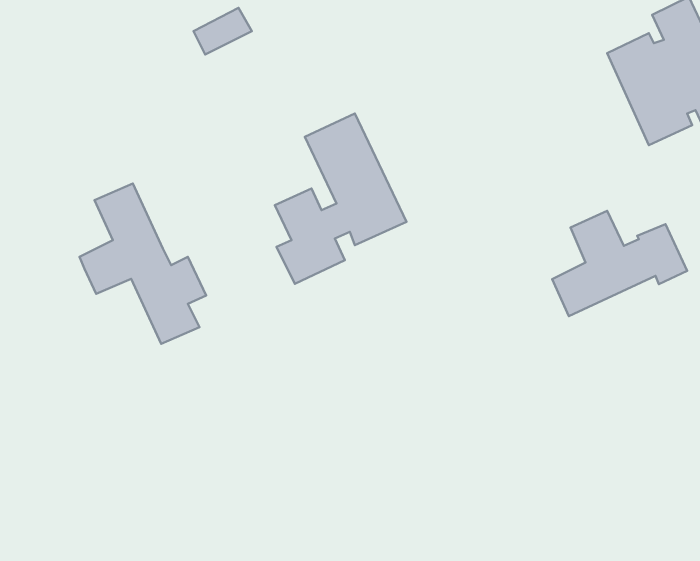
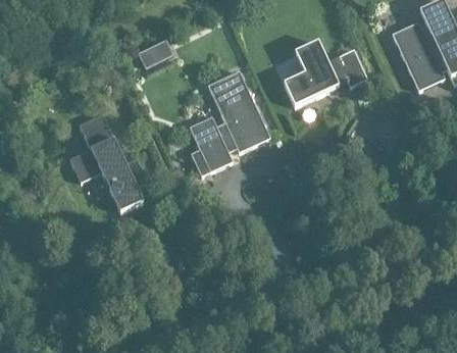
building: [194,8,252,55] -> [138,39,173,67]
building: [552,211,687,316] -> [284,42,366,106]

